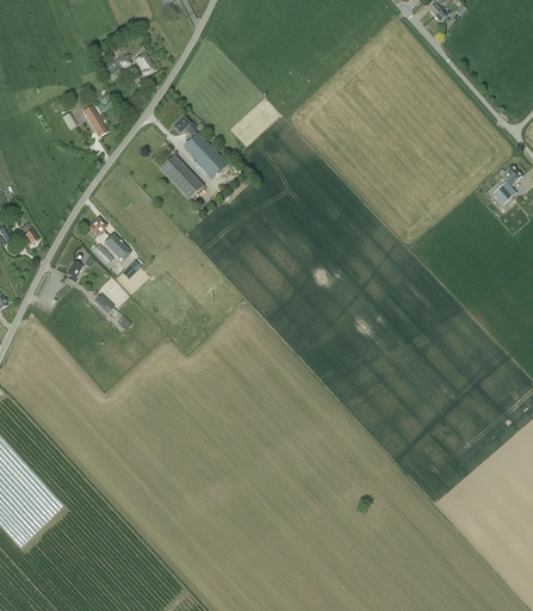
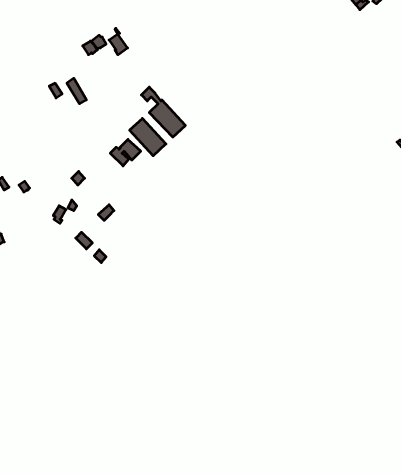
building: [92,233,129,265] -> [110,139,141,166]

